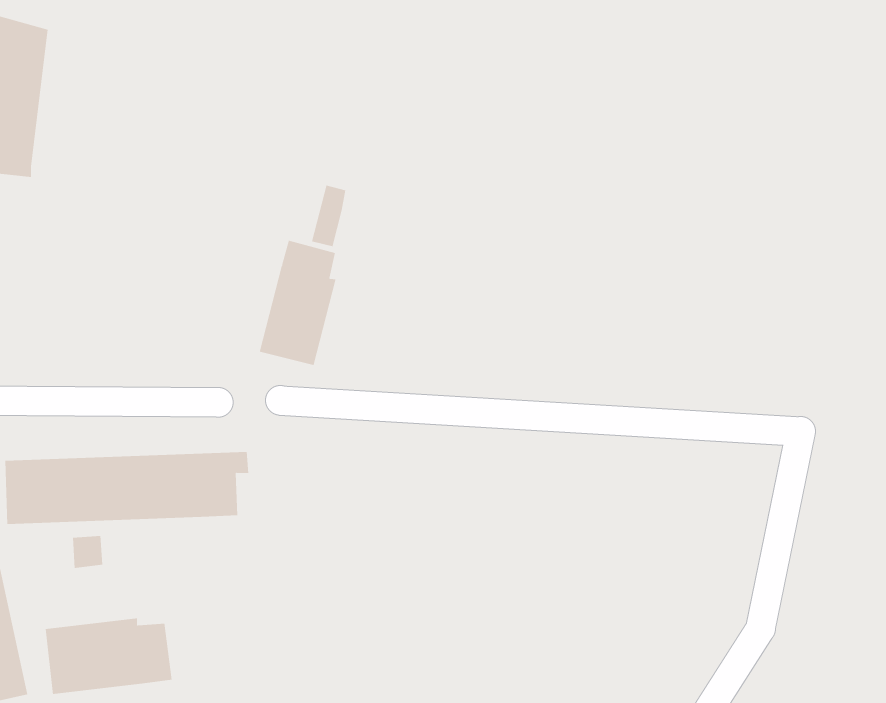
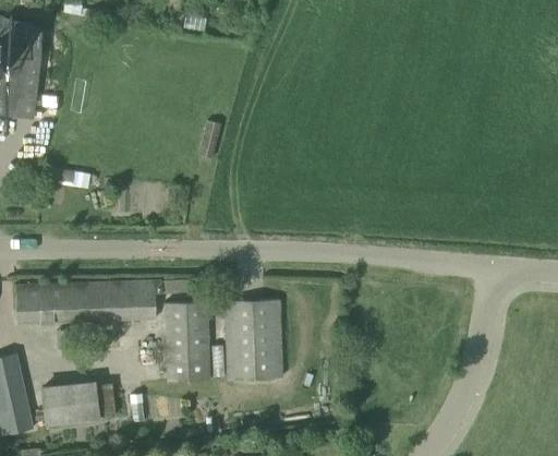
building: [259,240,336,366] -> none
building: none -> [226,299,281,380]
building: none -> [165,302,209,382]

